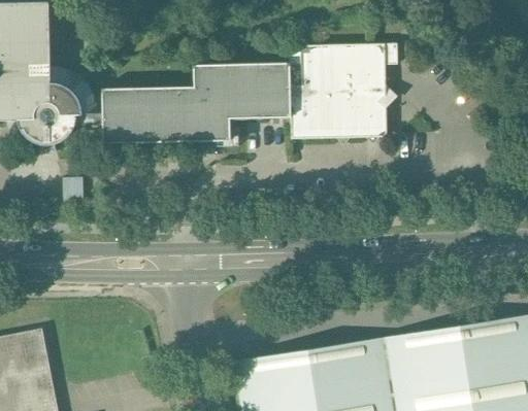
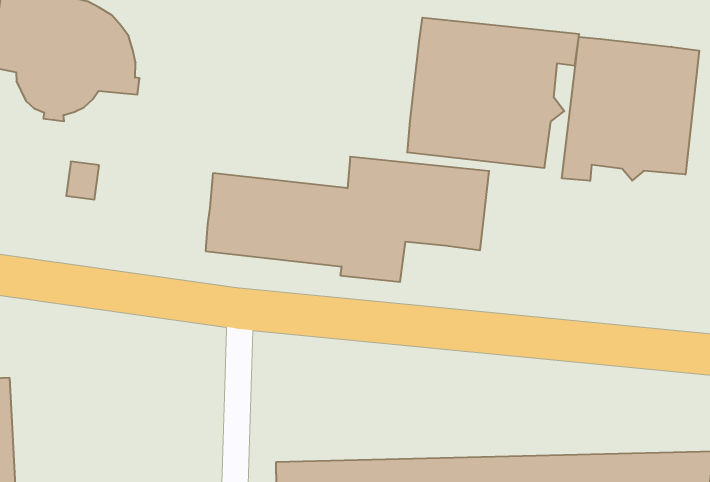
building: none -> [562,37,699,181]
building: [101,63,290,147] -> [206,157,489,282]

